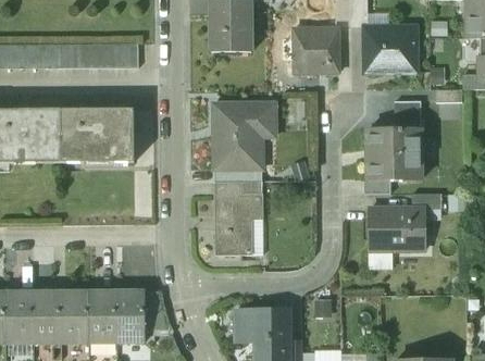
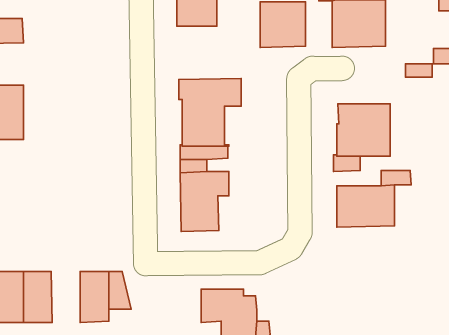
building: [60,42,138,67] -> none
building: [394,100,420,127] -> none
building: [61,108,133,162] -> none
building: [88,291,116,341] -> none

